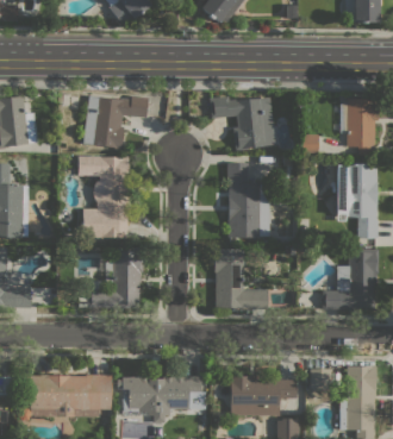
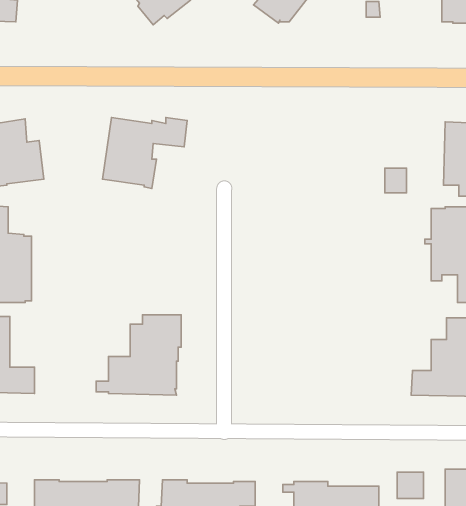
building: [210,95,275,150] -> none
building: [79,155,129,237] -> none
building: [227,162,270,236] -> none
building: [216,247,268,307] -> none

